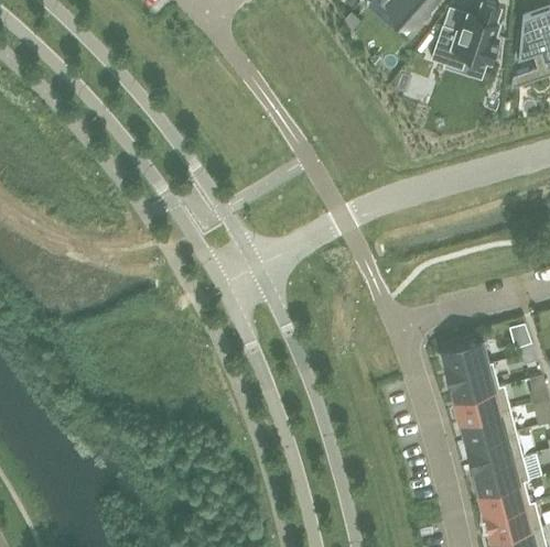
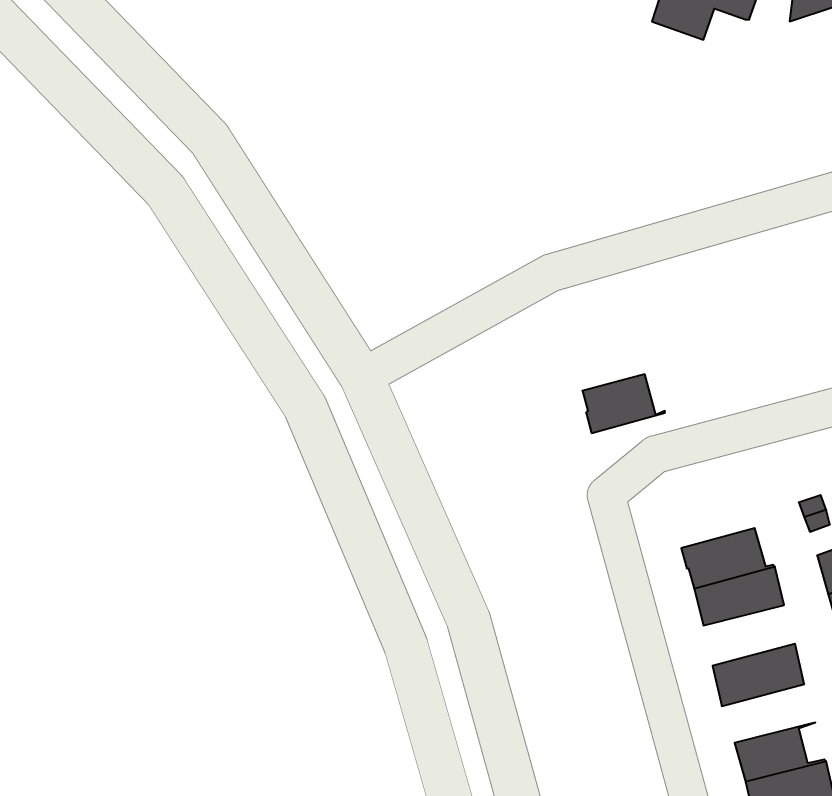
building: [442,342,492,378] -> [582,374,665,433]
building: [461,412,516,448] -> none
building: [472,459,528,494] -> none

